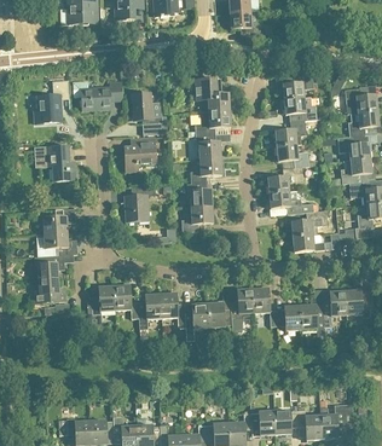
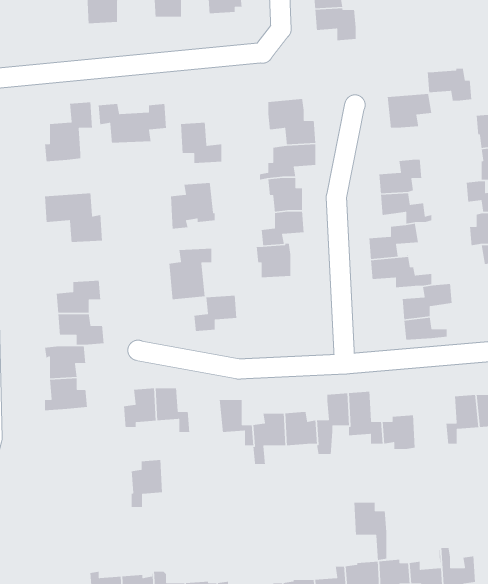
building: [283,97,316,121] -> [427,68,472,102]
building: [181,205,213,232] -> [194,295,237,332]
building: [138,294,161,329] -> [131,459,163,508]
building: [300,305,324,347] -> [354,502,387,561]

